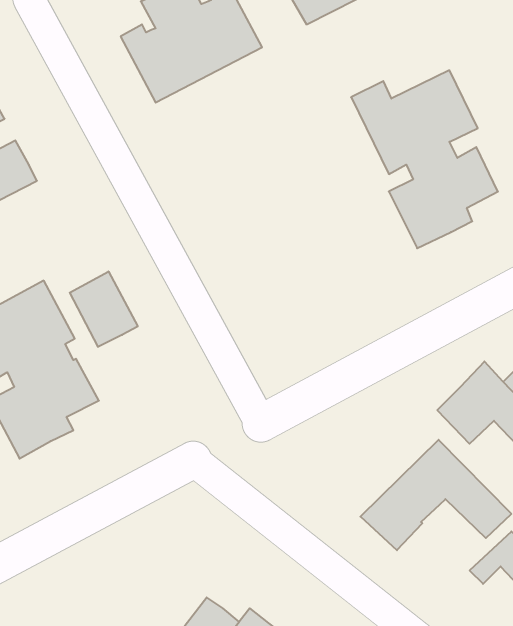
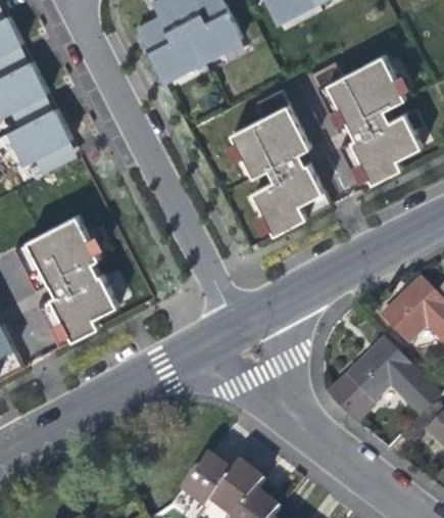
building: none -> [232,91,333,236]
building: [70,271,138,347] -> none

